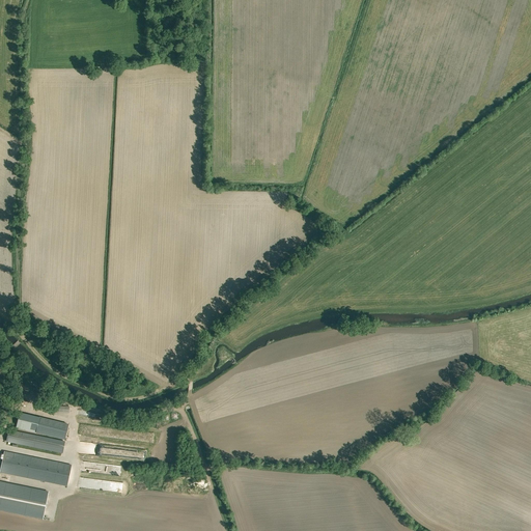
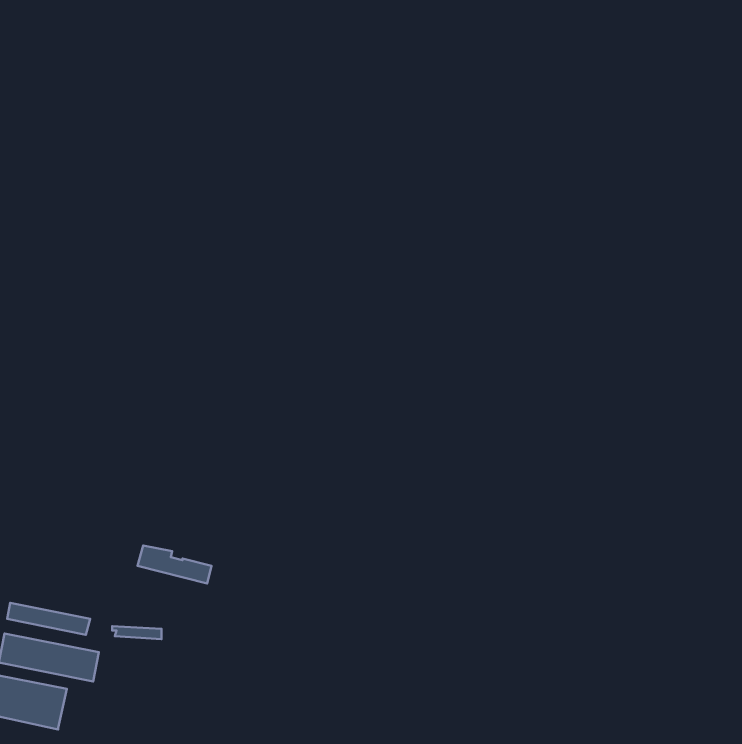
building: [15,413,67,440] -> [137,545,212,583]

